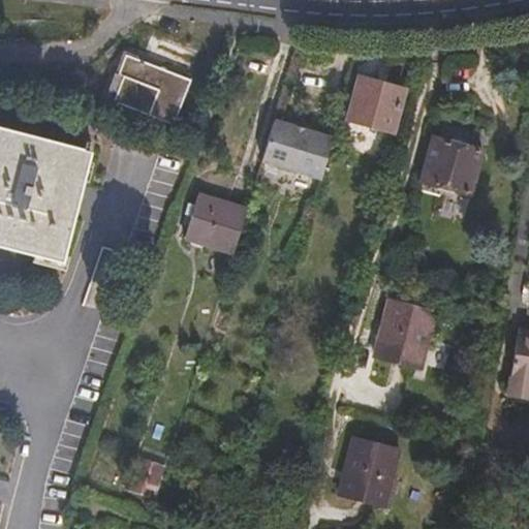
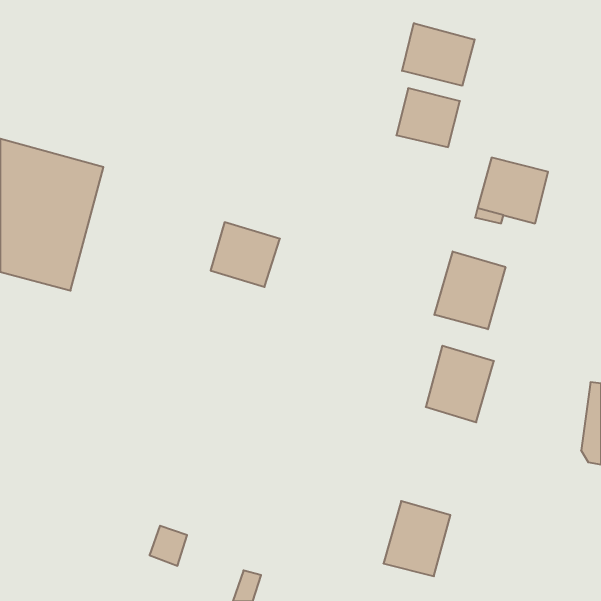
building: none -> [402,23,475,86]
building: [116,51,194,119] -> none
building: [260,122,331,180] -> none
building: none -> [434,251,505,329]

